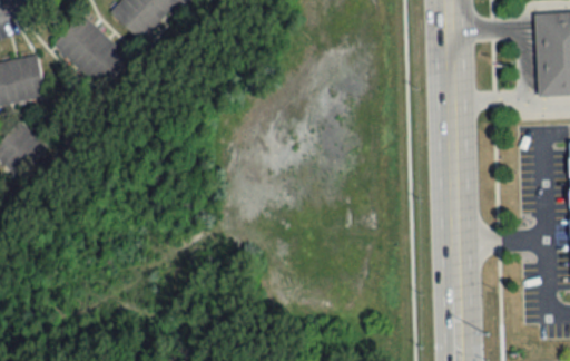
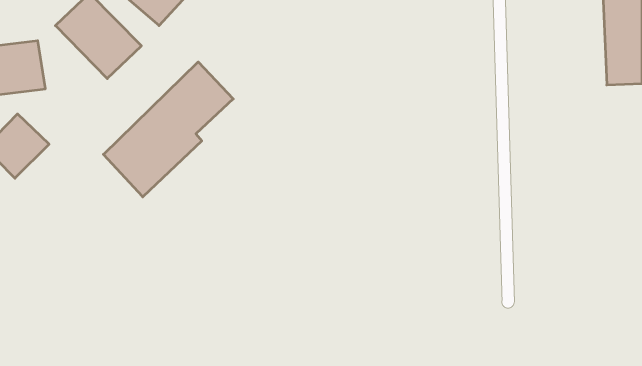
building: none -> [103,62,233,197]

